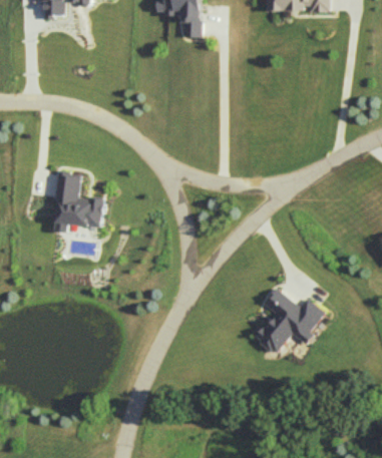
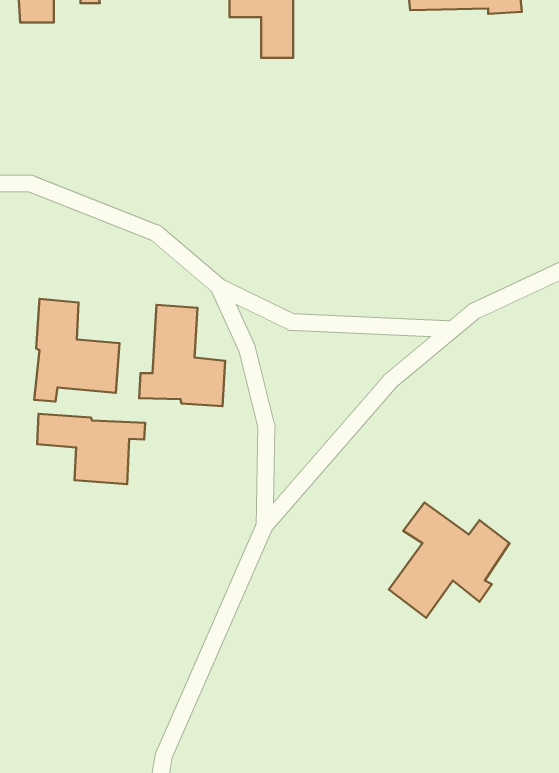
building: none -> [139,305,225,406]
building: none -> [37,414,145,484]

